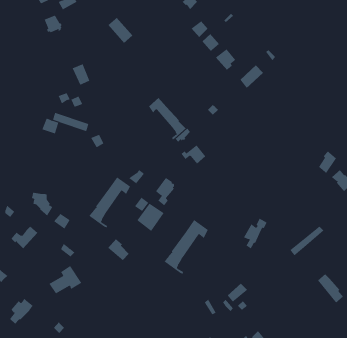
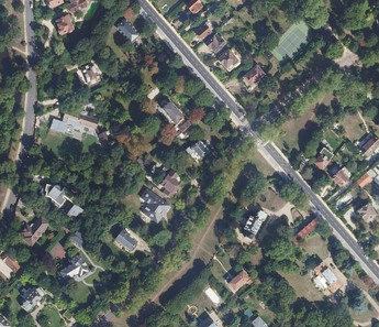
building: [89,176,131,228] -> none
building: [164,219,209,275] -> none

